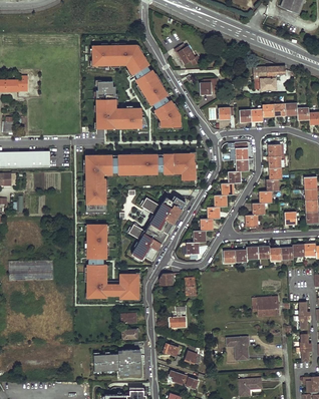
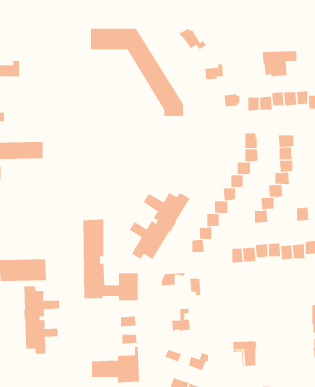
building: [95,81,147,128] -> none
building: [85,153,195,212] -> none
building: none -> [24,285,60,355]
building: [251,296,277,316] -> none

